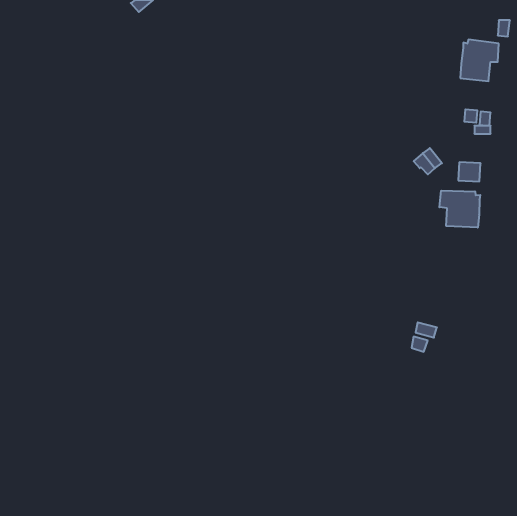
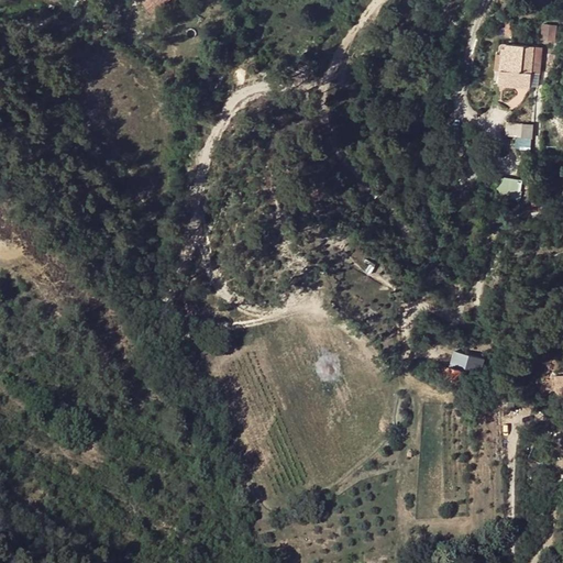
building: [439,191,480,228] -> none

